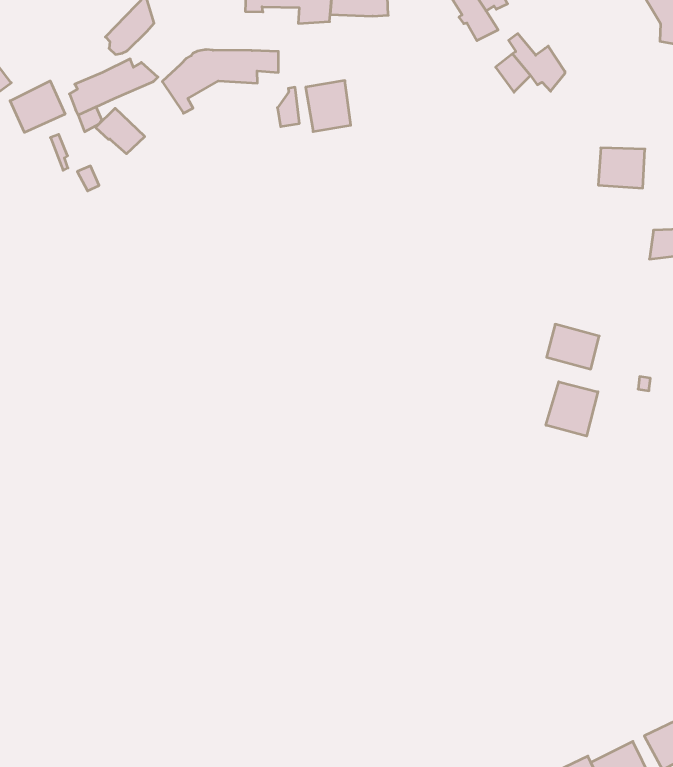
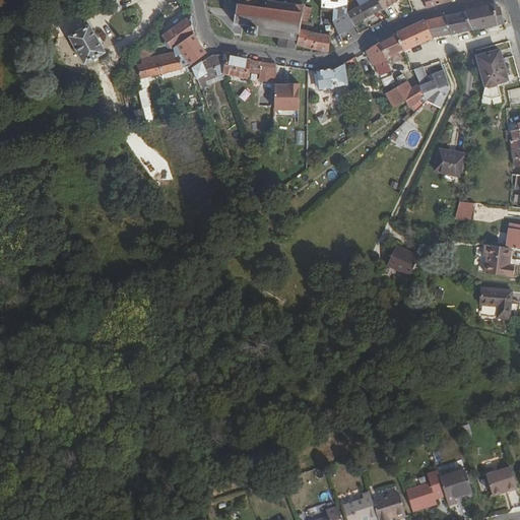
building: none -> [412,65,450,108]
building: none -> [317,57,354,88]
building: [10,81,65,132] -> none
building: [96,108,145,154] -> [175,36,202,63]
building: [546,382,598,436] -> none

